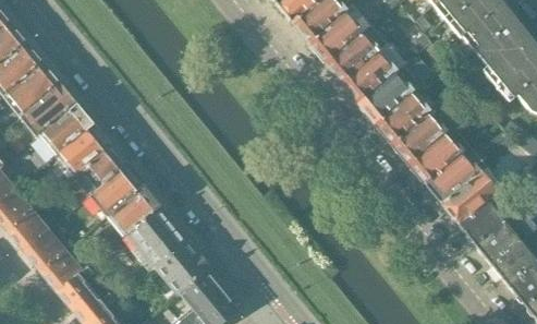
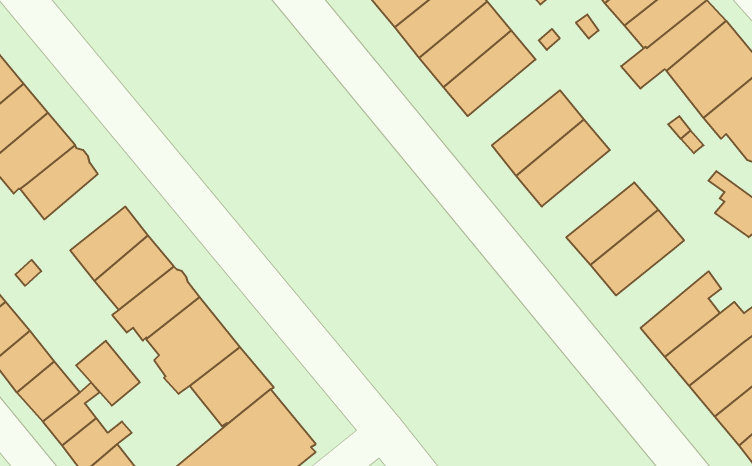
building: [342,46,404,104] -> none
building: [392,107,454,166] -> none
building: [57,123,111,175] -> none
building: [442,173,498,227] -> none
building: none -> [76,341,140,406]

